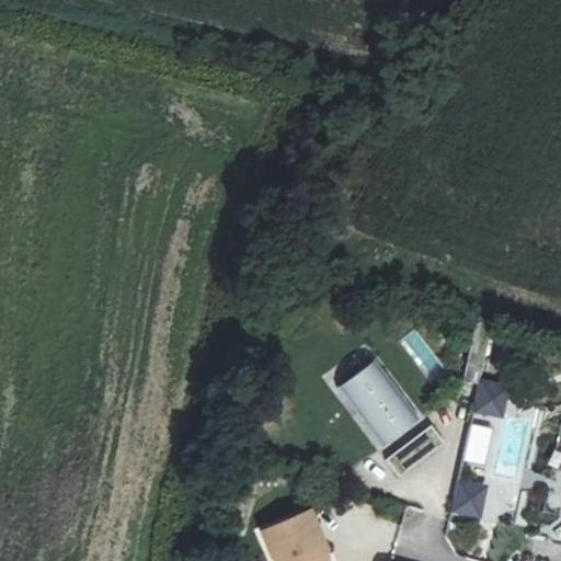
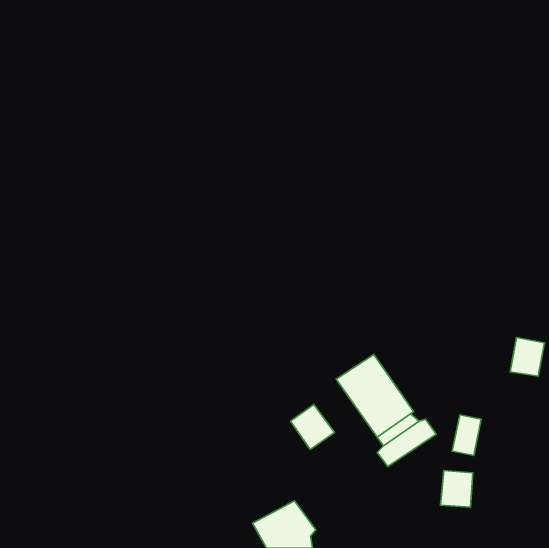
building: [472,379,507,419] -> [510,337,545,376]
building: none -> [291,405,334,449]

